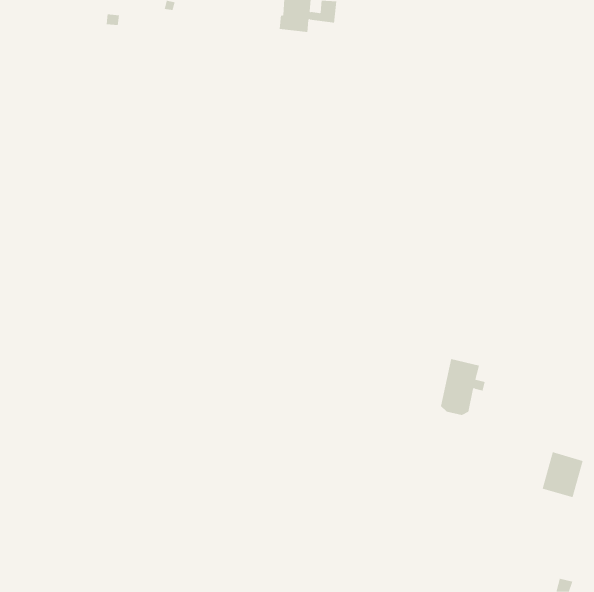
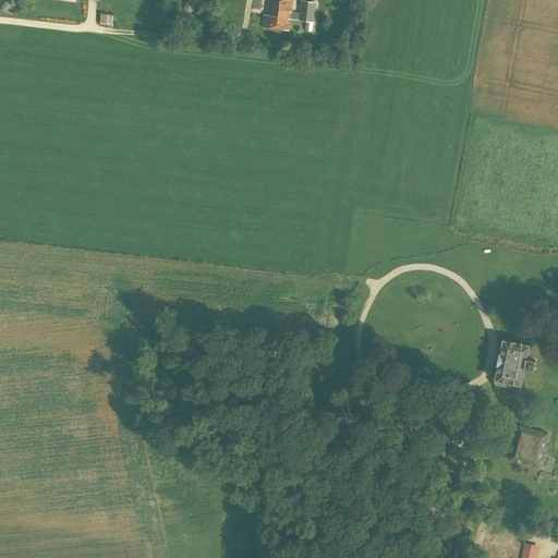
building: [440,359,486,415] -> [493,339,535,392]

